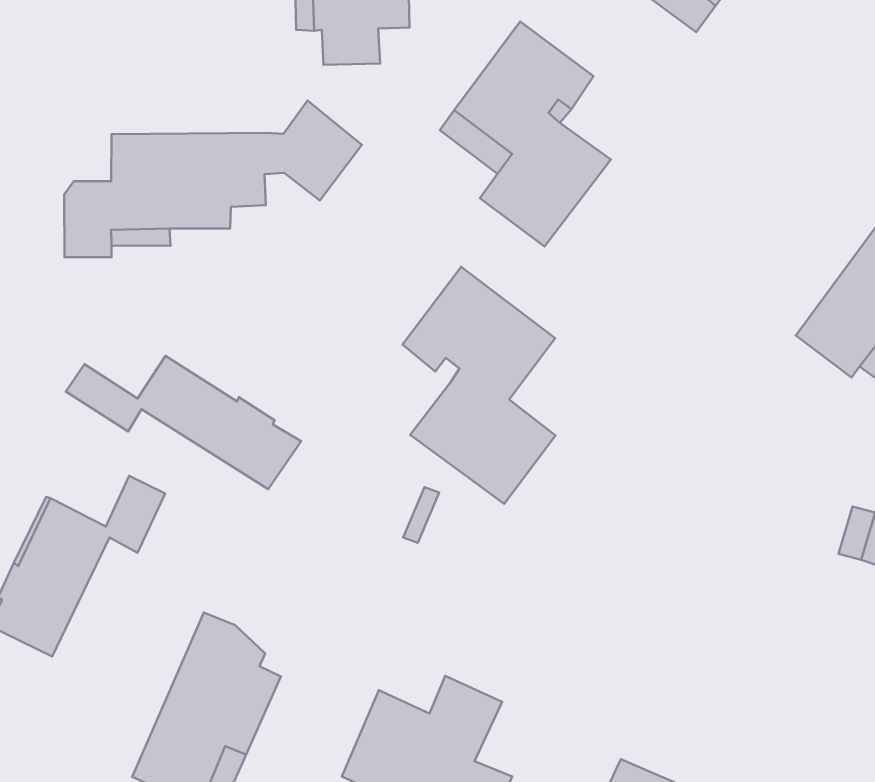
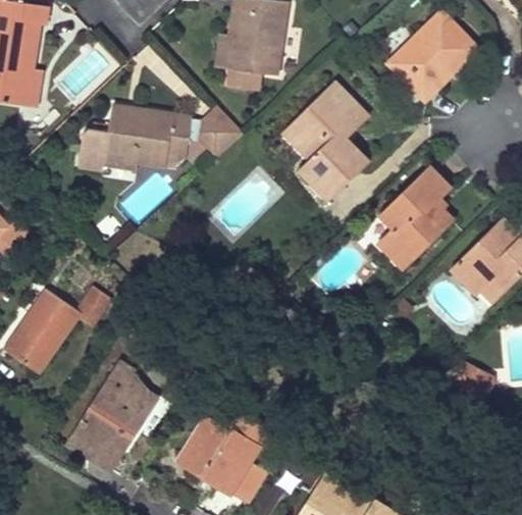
building: none -> [378,166,454,269]
building: [403,267,555,504] -> none
building: [66,356,301,489] -> none

